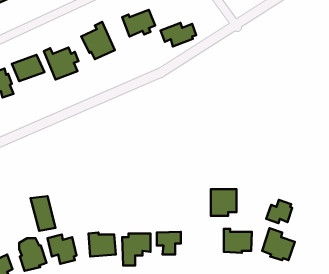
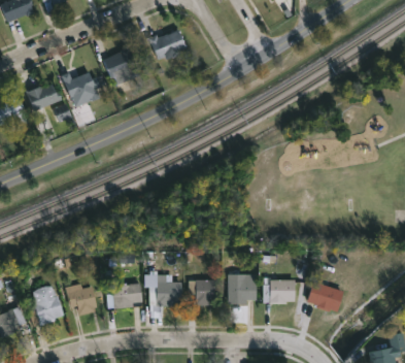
building: [161,23,196,46] -> none
building: [211,189,236,216] -> [228,274,257,304]
building: [31,196,56,231] -> none
building: [266,200,292,223] -> none

